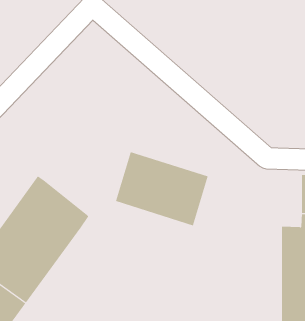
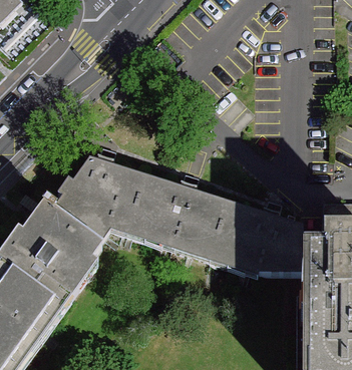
building: none -> [54,161,144,245]
building: none -> [211,205,303,274]

